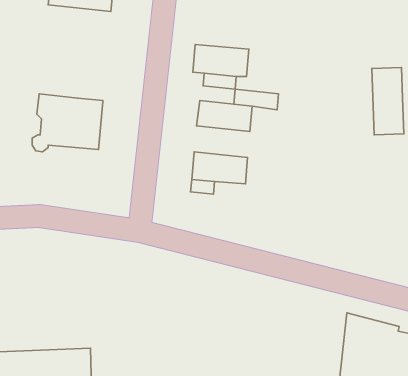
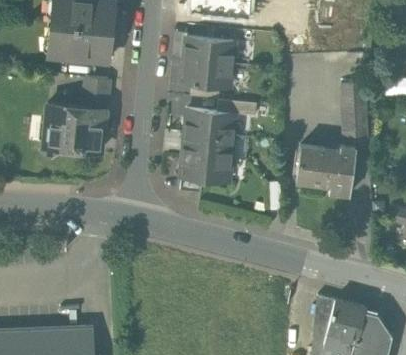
building: none -> [48,25,111,61]
building: none -> [185,38,234,64]
building: none -> [82,77,109,110]
building: none -> [184,131,233,159]
building: none -> [296,144,356,195]

